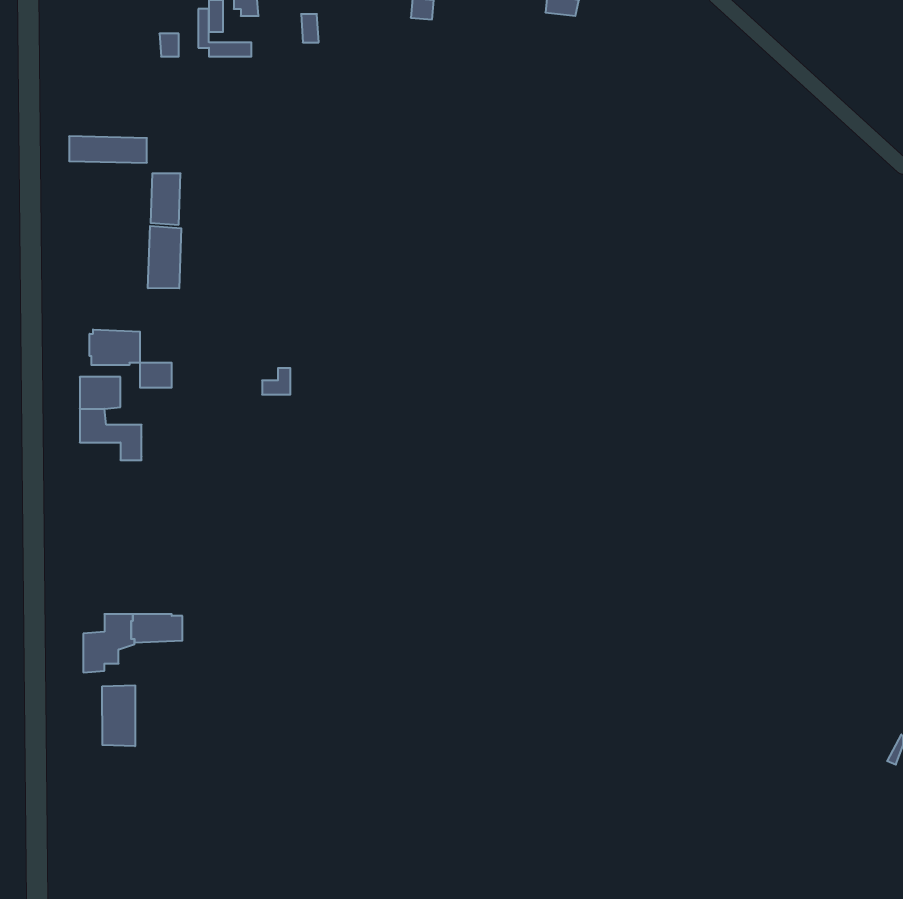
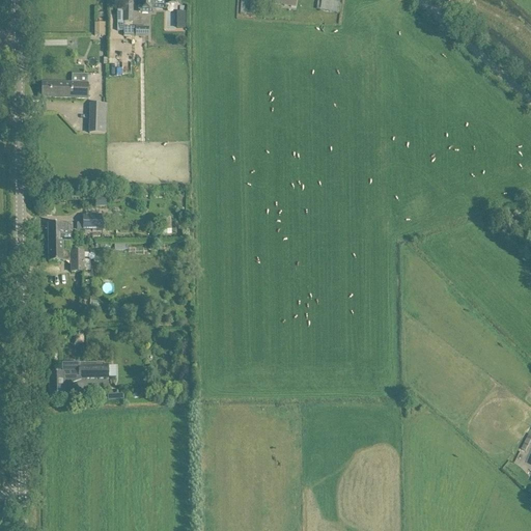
building: [148,226,181,288] -> none
building: [90,329,140,365] -> none
building: [102,685,135,746] -> none

